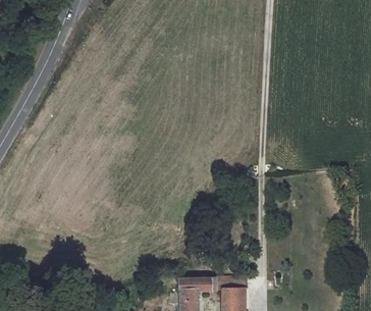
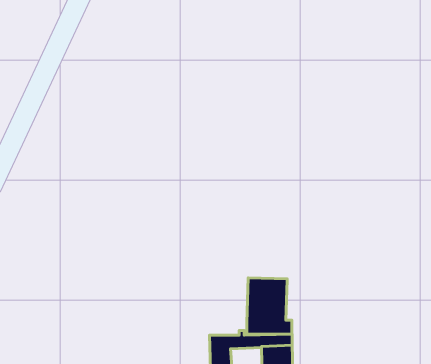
building: none -> [247,278,292,334]

